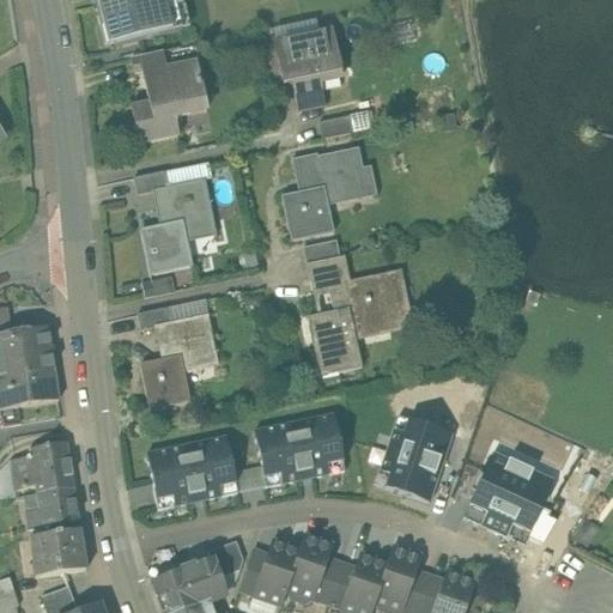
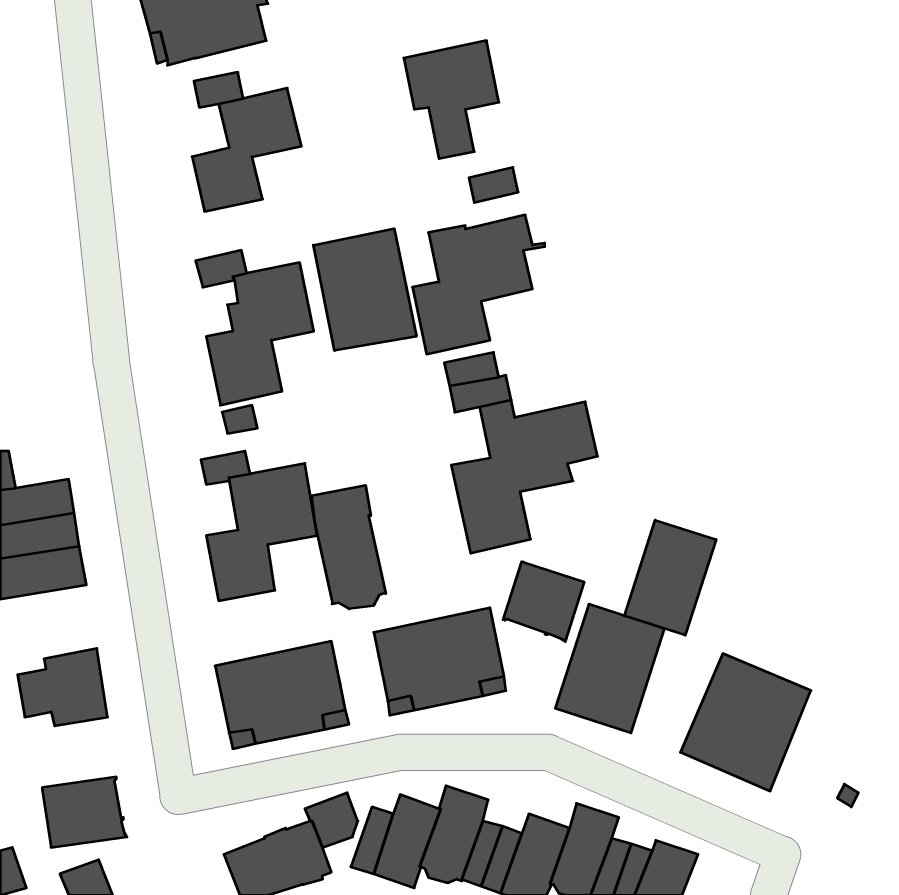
building: none -> [313,229,416,351]
building: none -> [312,485,386,609]
building: none -> [624,520,716,635]
building: none -> [503,562,584,642]
building: [26,487,80,535] -> none

